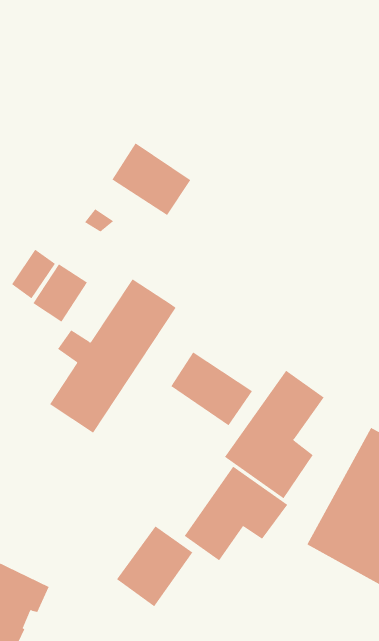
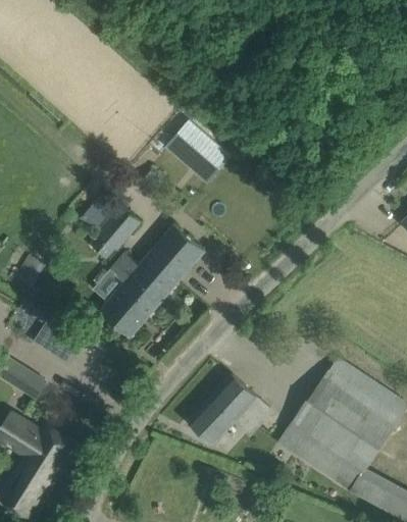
building: [170,352,253,426] -> none
building: [224,370,325,499] -> none
building: [116,526,193,607] -> none

